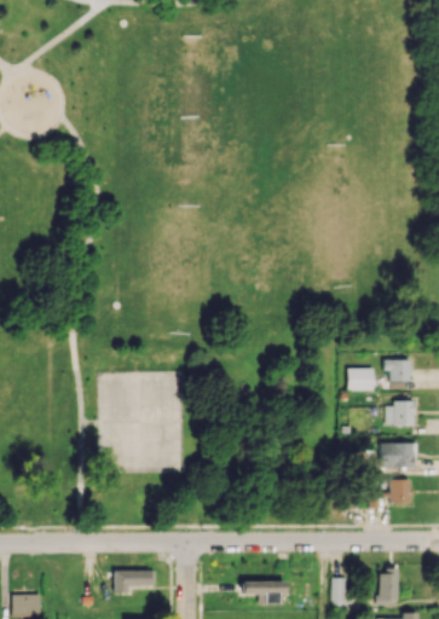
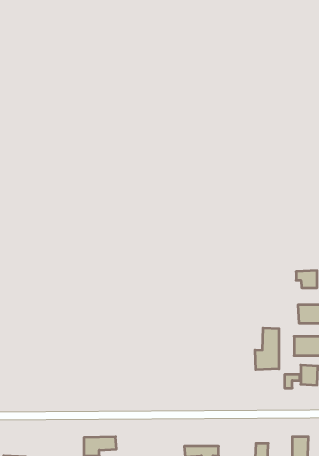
building: [350,368,376,391] -> none
building: none -> [255,328,279,370]

